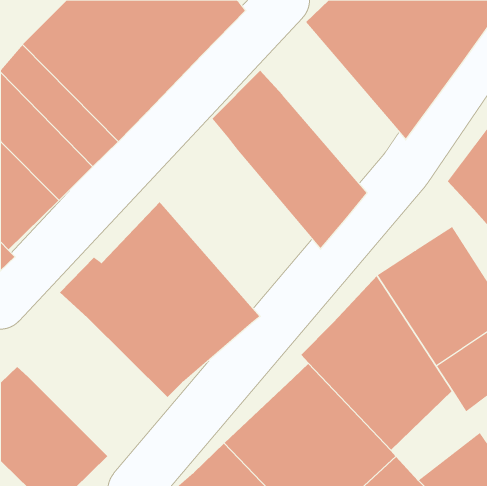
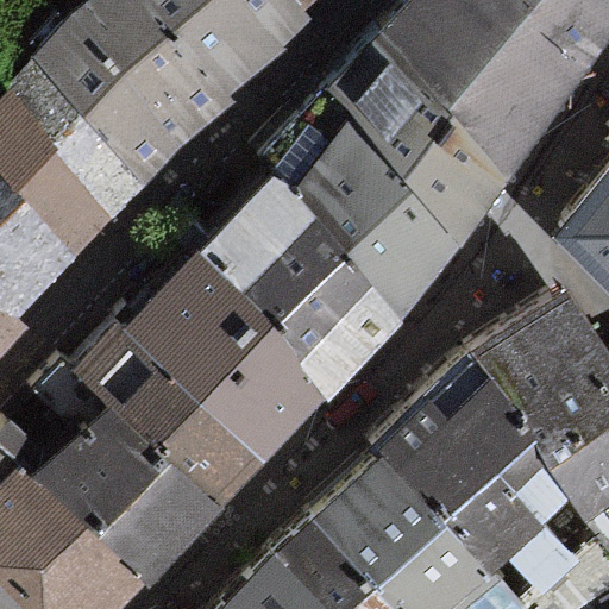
building: none -> [326,32,507,244]
building: none -> [201,175,401,397]
building: none -> [38,400,211,571]

